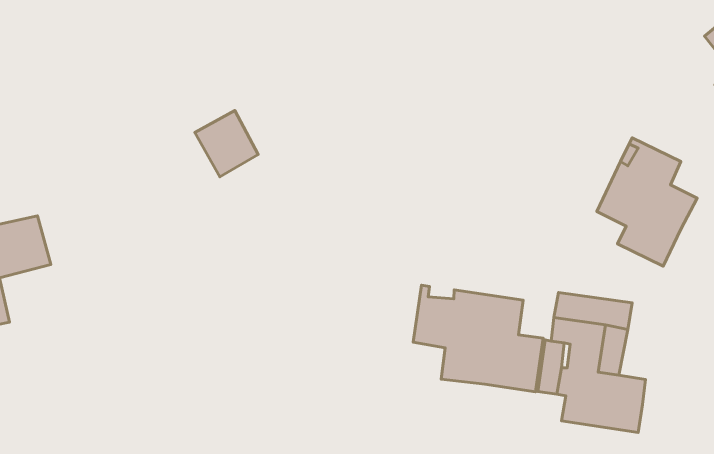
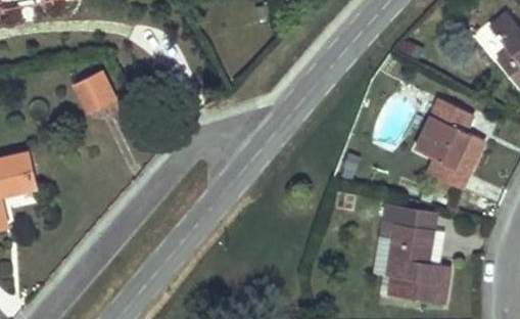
building: [195,110,258,177] -> [72,66,115,112]
building: [413,285,543,392] -> none

